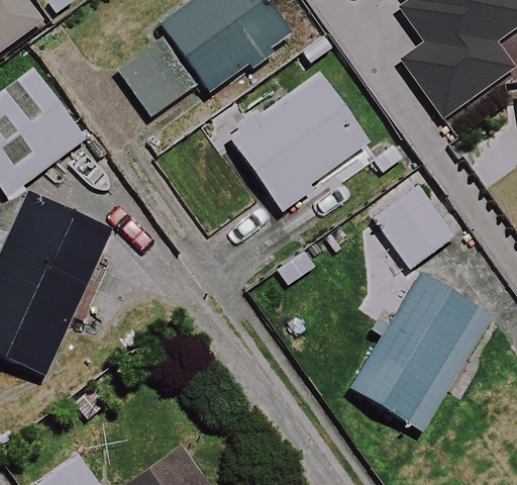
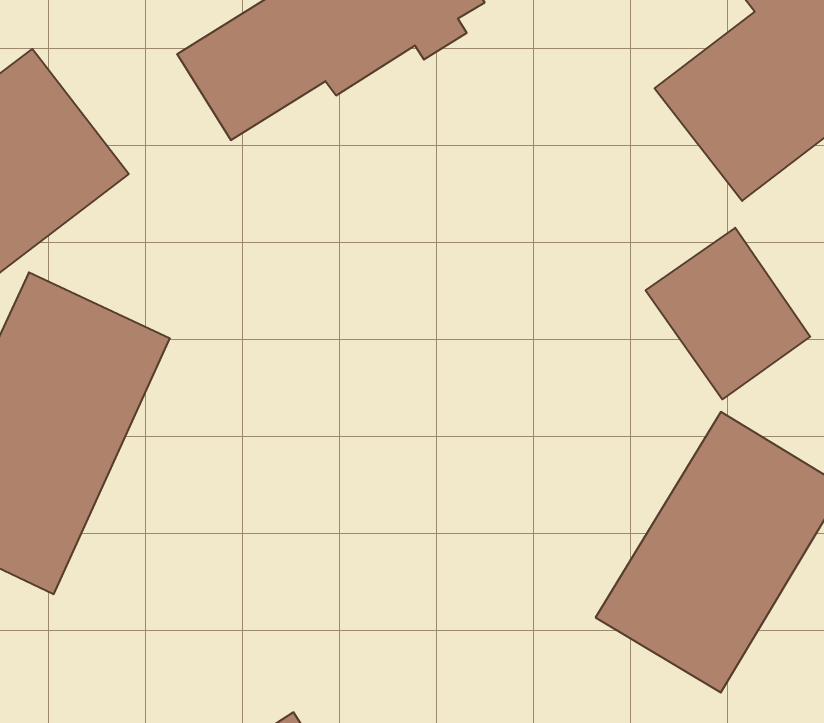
building: [227,72,368,212] -> none

